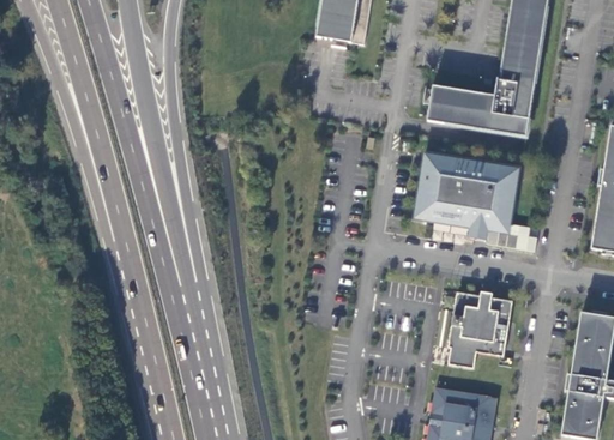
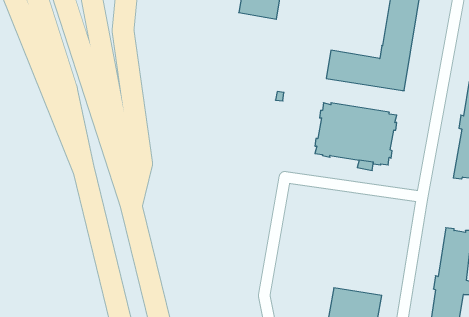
building: [450,290,513,367] -> none

